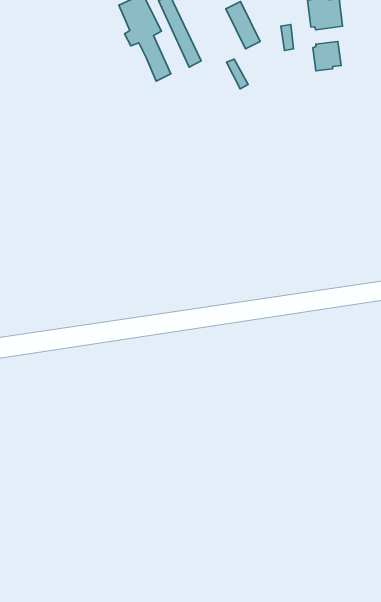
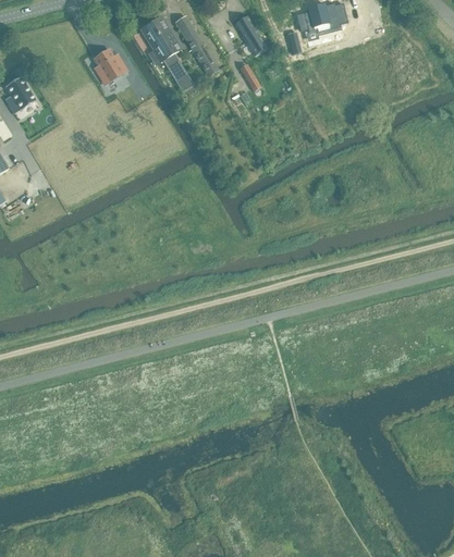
building: none -> [94,48,124,78]
building: [313,41,341,71] -> none

